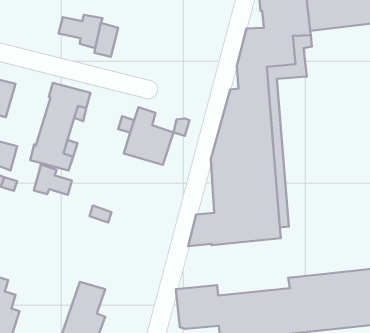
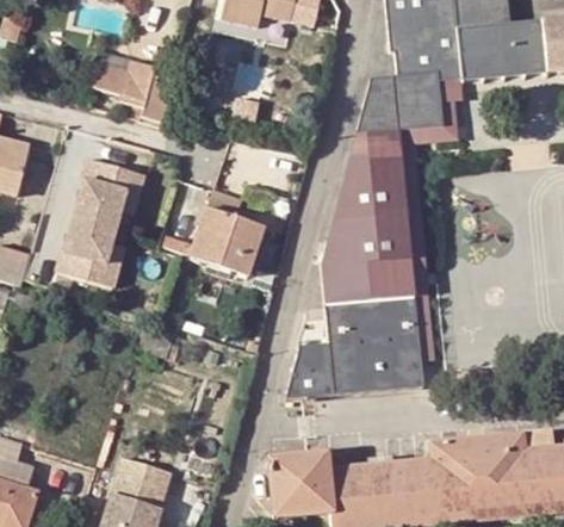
building: [34,164,72,195] -> none

